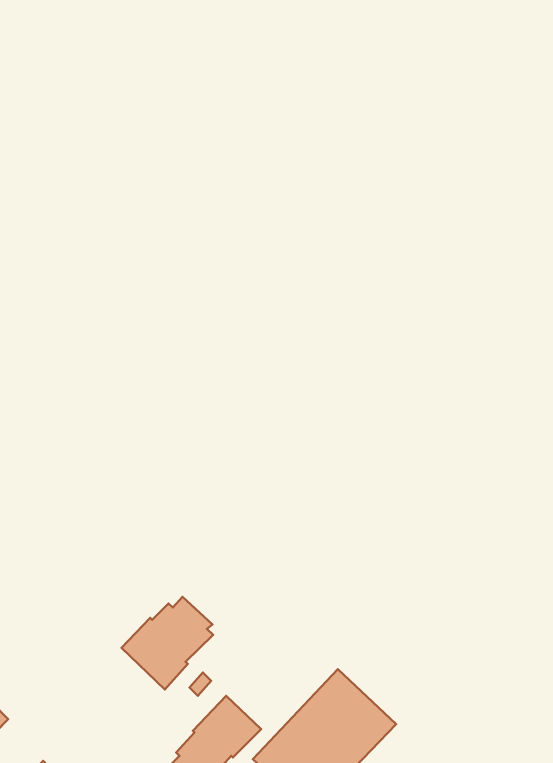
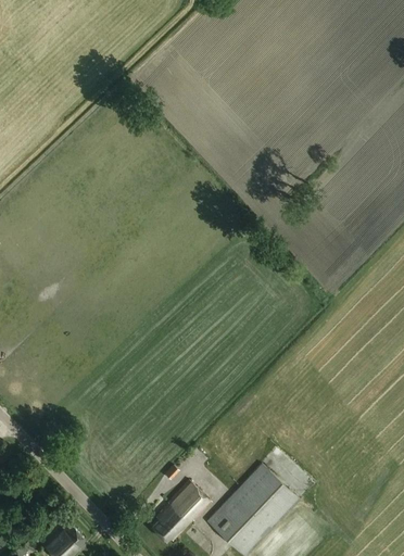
building: [121,597,213,689] -> none

